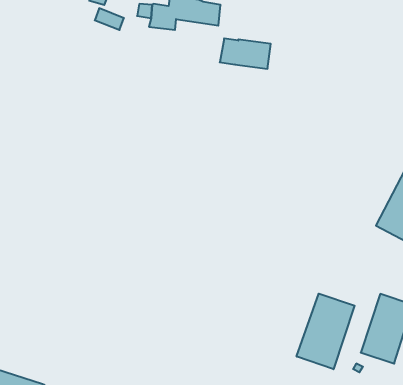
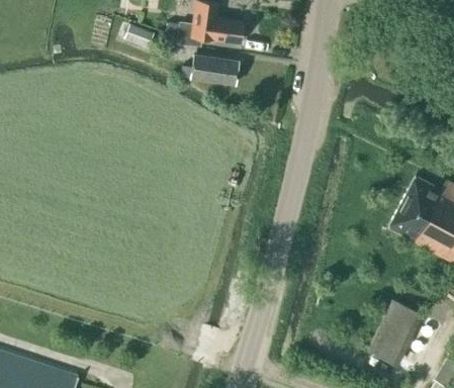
building: [220,38,271,69] -> [190,56,238,84]
building: [297,294,355,369] -> none

